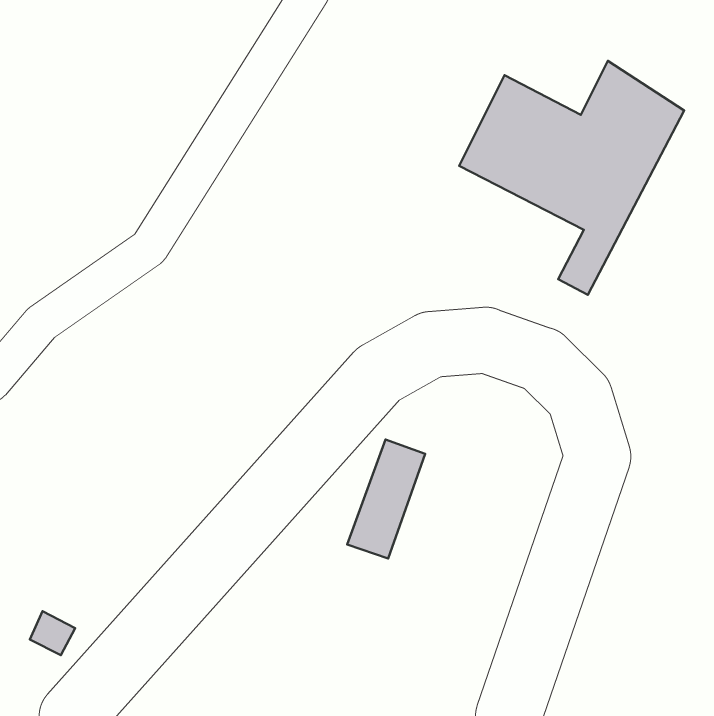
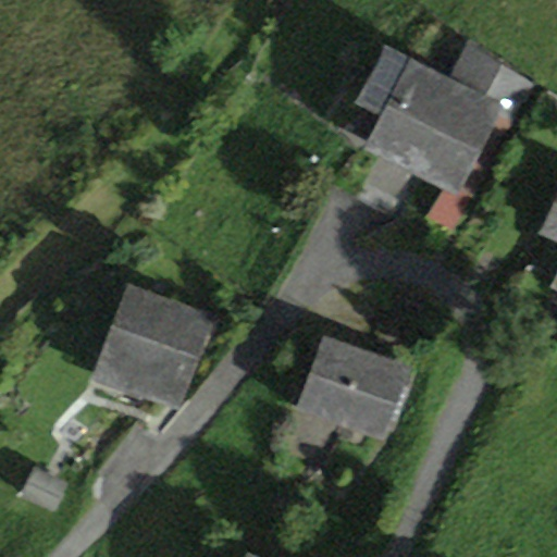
building: none -> [109,296,197,392]
building: none -> [313,348,407,426]

